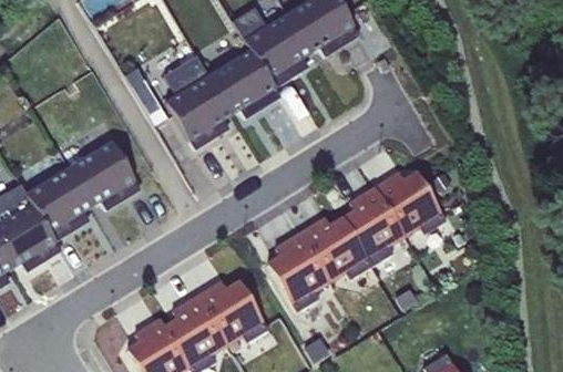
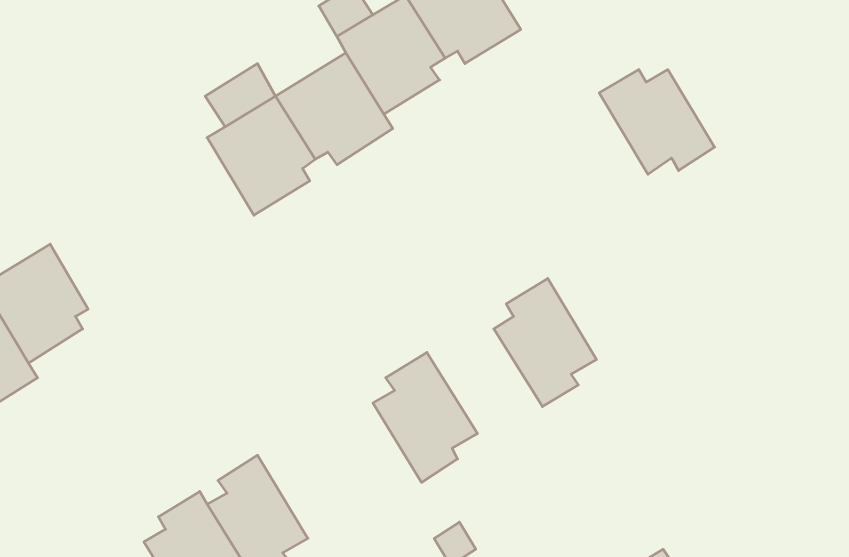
building: [69,140,140,207] -> none
building: [375,172,446,236] -> [599,70,715,174]
building: [300,216,371,281] -> none
building: [196,280,268,345] -> none

